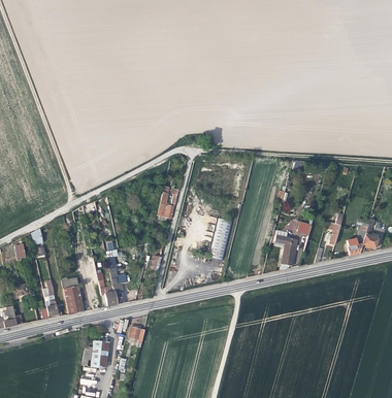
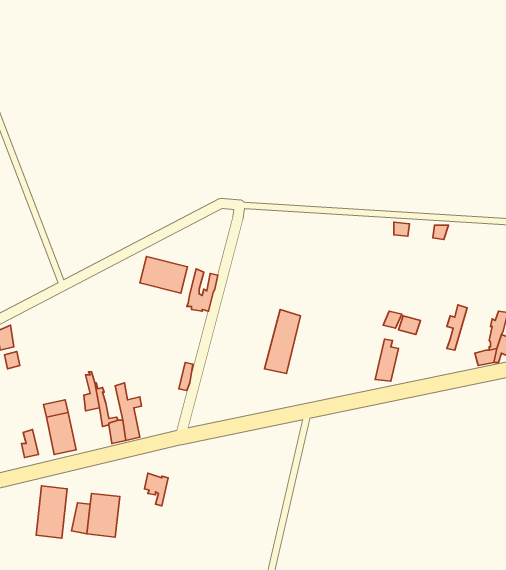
building: none -> [140,257,187,293]
building: none -> [36,486,67,538]

